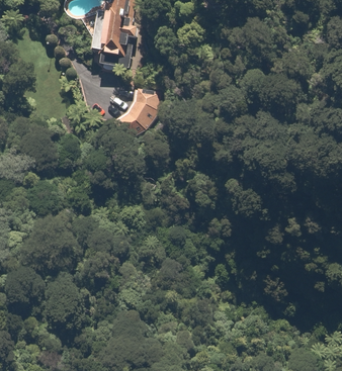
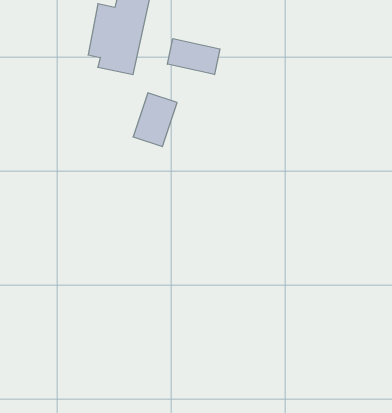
building: none -> [167,39,220,75]

